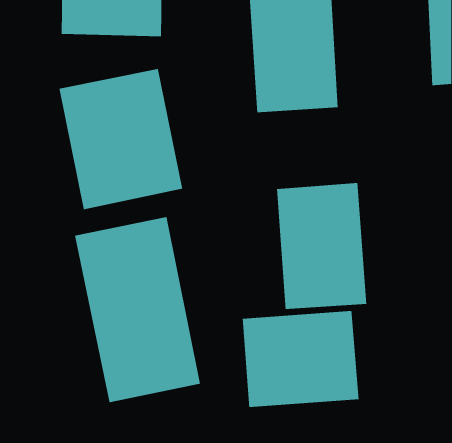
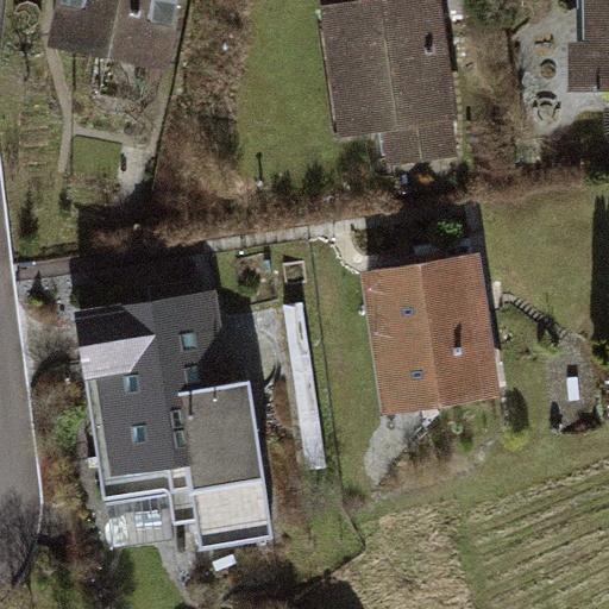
building: [59,68,183,210] -> none
building: [242,310,359,408] -> none

